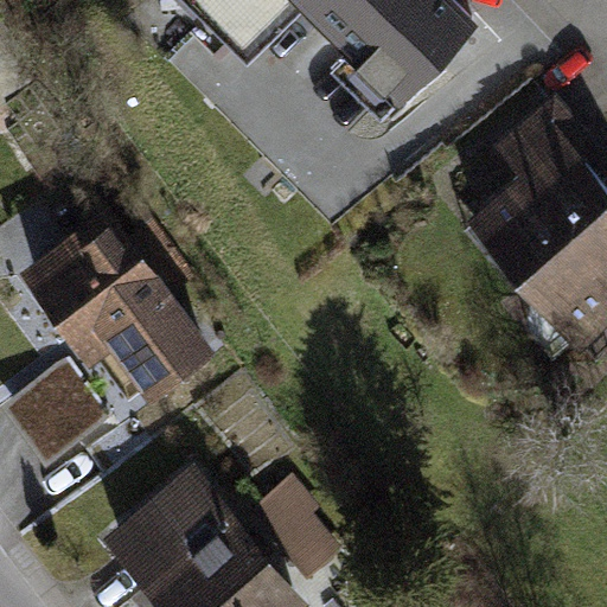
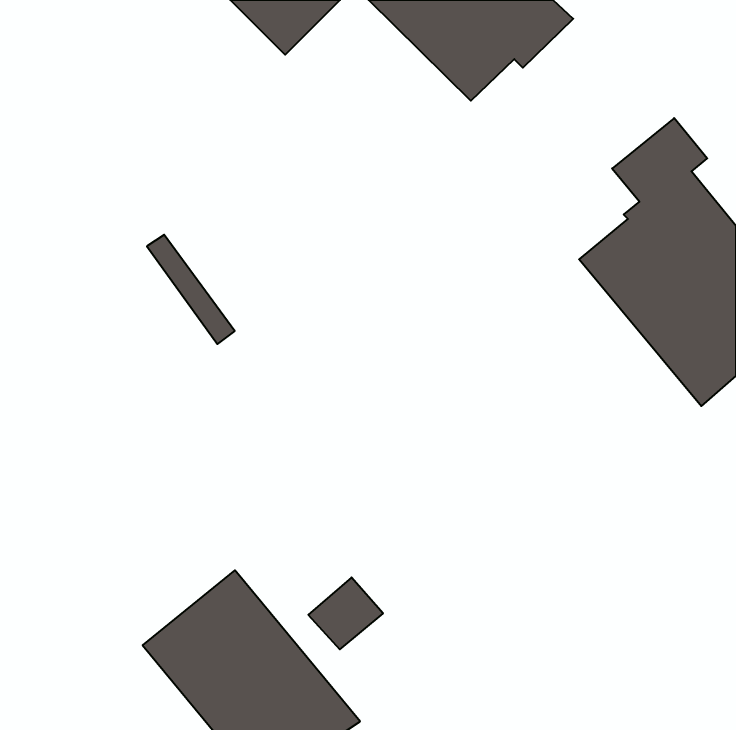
building: [36,218,202,382] -> none
building: [12,358,116,460] -> none

